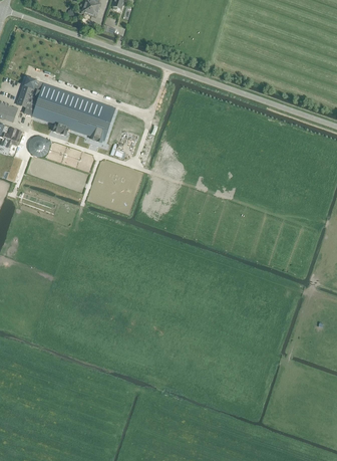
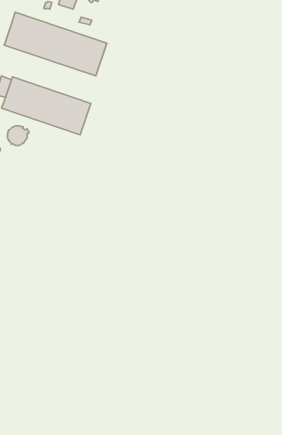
building: none -> [4,12,107,76]

